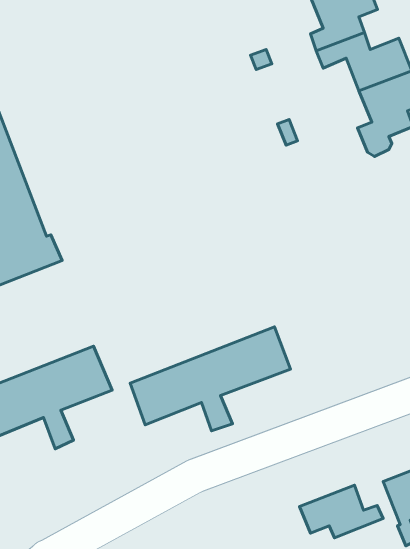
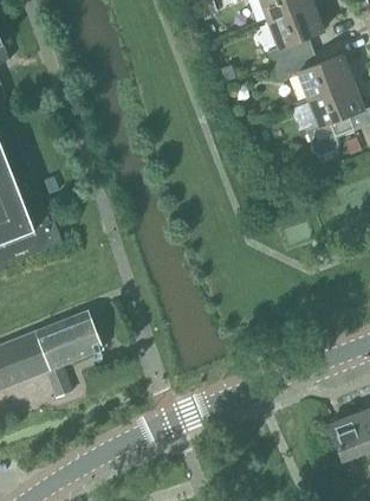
building: [130,327,290,431] -> none
building: [300,485,383,538] -> none

